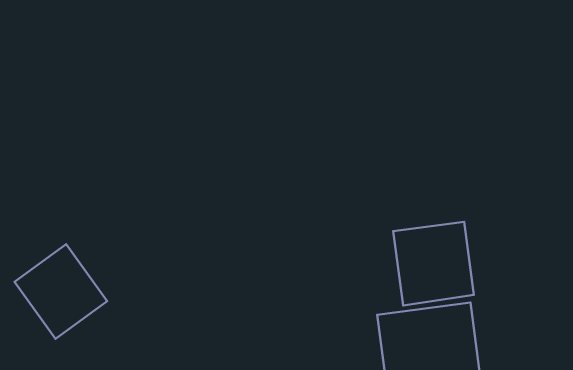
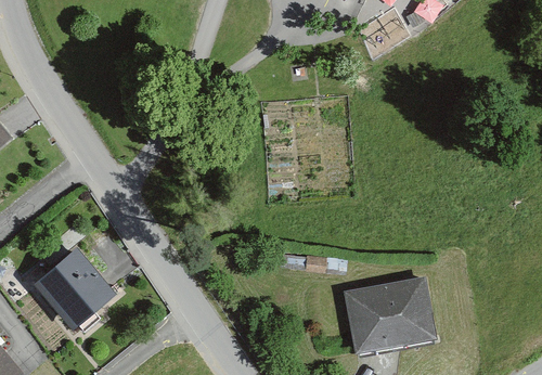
building: [393,222,474,305] -> none

